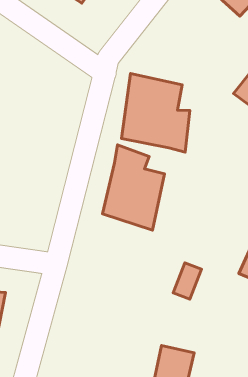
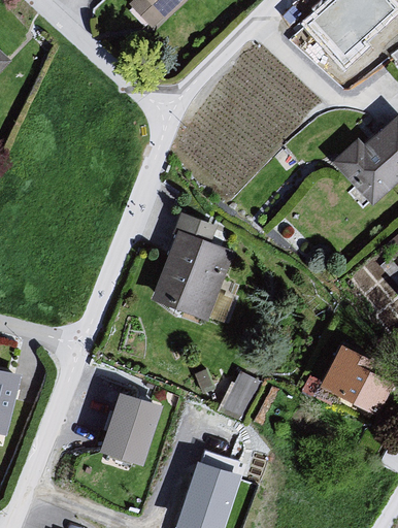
building: [122,74,190,152] -> none
building: none -> [104,391,169,465]

